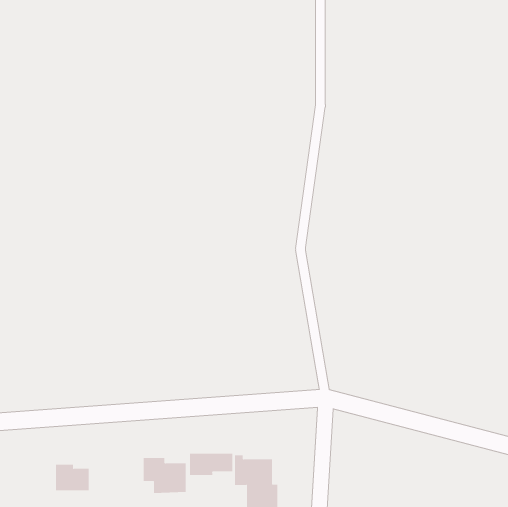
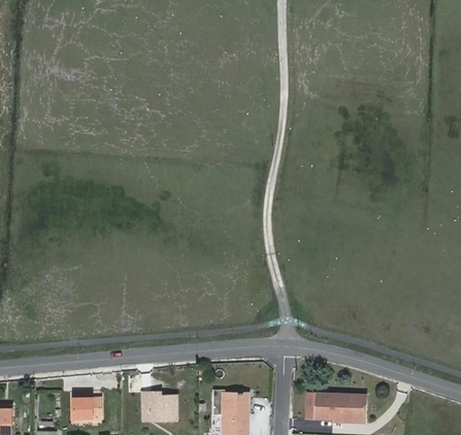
building: [189,453,233,476] -> none
building: none -> [306,393,365,422]

